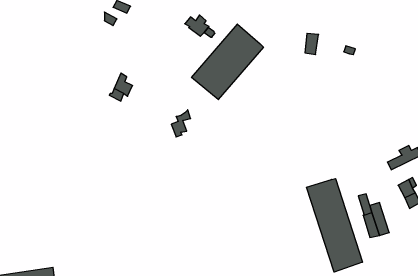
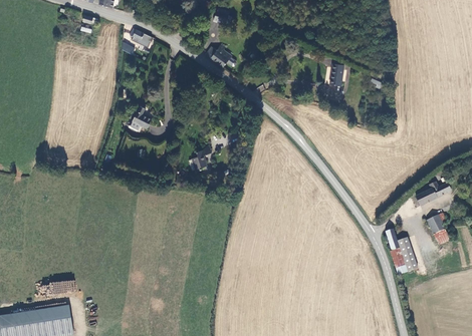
building: [192,24,263,100] -> none
building: [307,179,362,272] -> none

